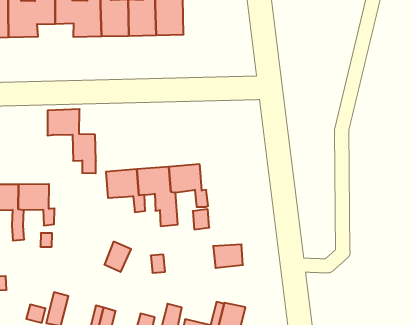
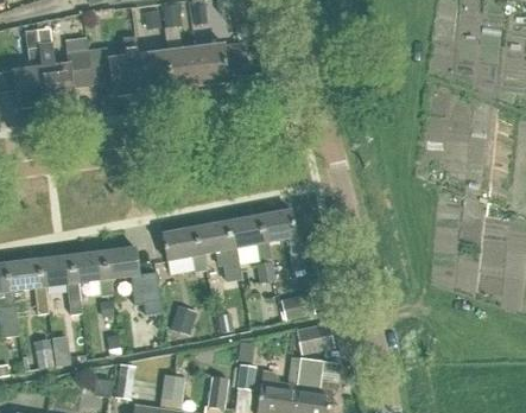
building: [47,109,96,173] -> [103,247,160,313]
building: none -> [259,209,304,254]
building: none -> [296,324,335,355]

